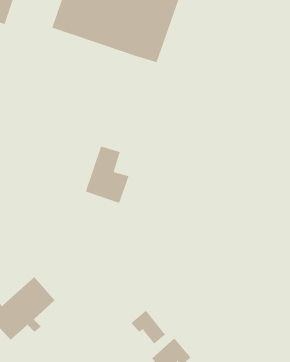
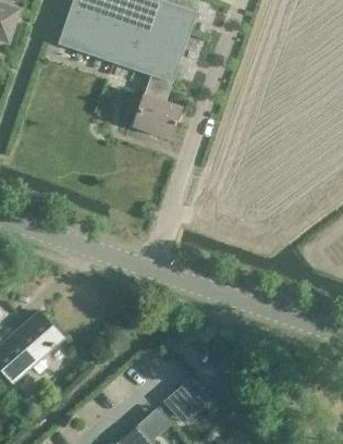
building: [84,146,130,204] -> [132,75,181,138]
building: [131,310,166,344] -> none

